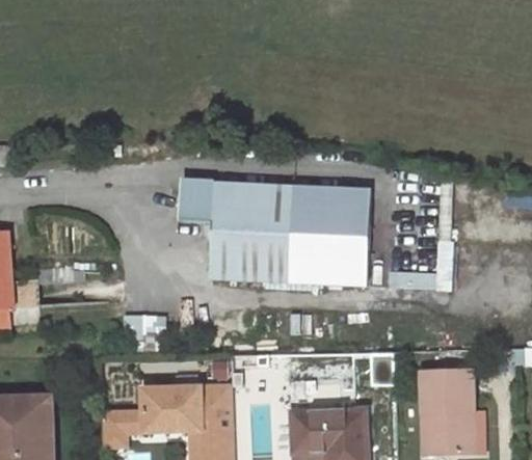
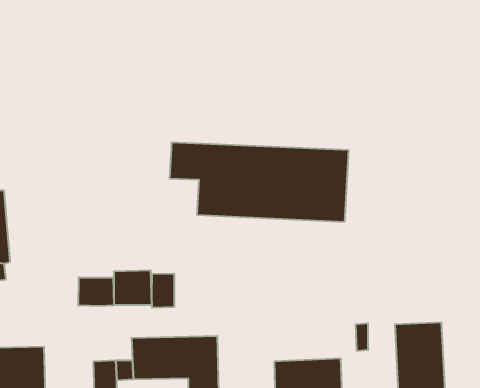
building: [210,256,368,286] -> none
building: none -> [152,274,174,308]
building: none -> [78,277,114,306]

